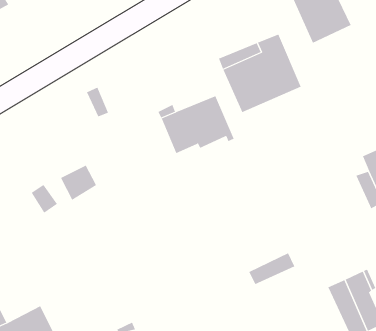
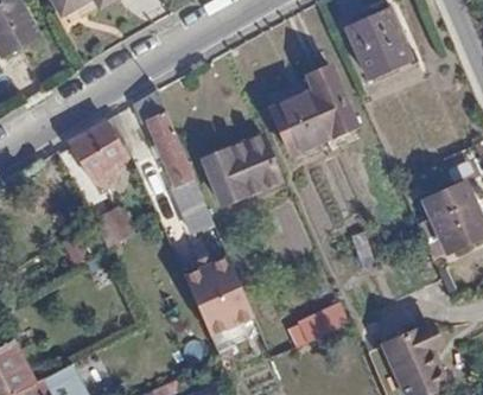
building: none -> [133,91,214,234]
building: none -> [69,122,126,181]
building: none -> [192,255,254,348]

